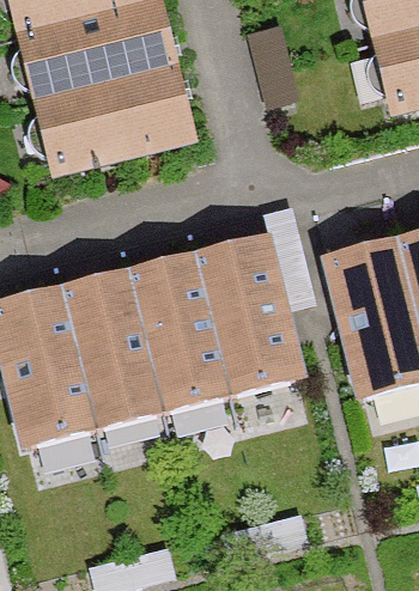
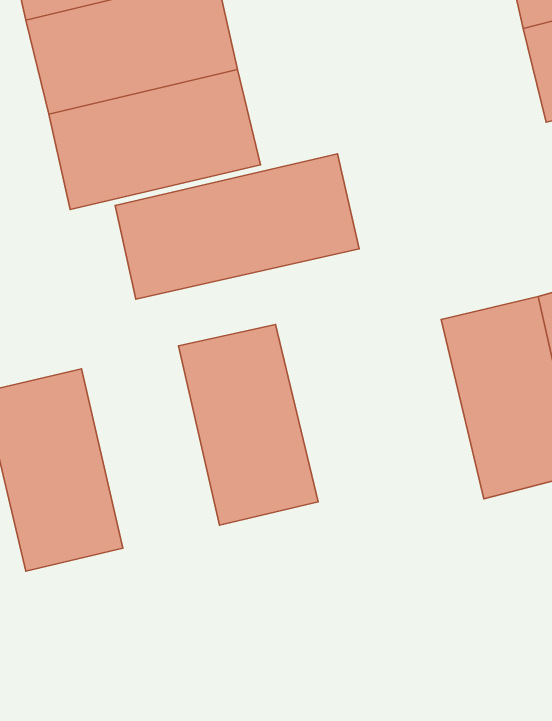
building: none -> [115,154,359,299]
building: [202,243,304,389] -> none
building: [61,275,162,422] -> none

